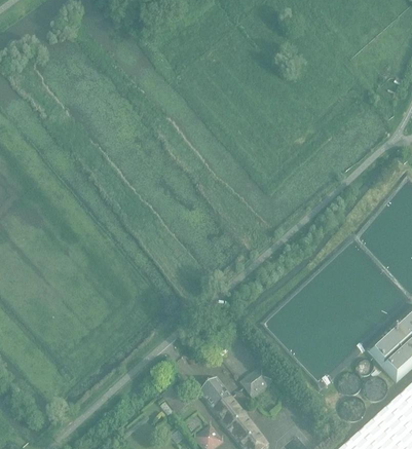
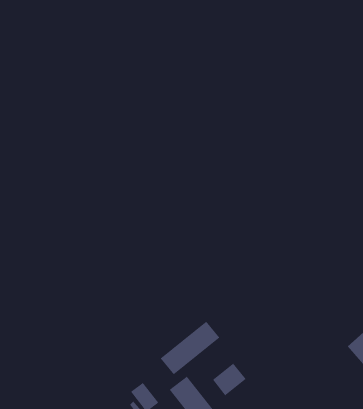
building: none -> [160,321,220,375]

